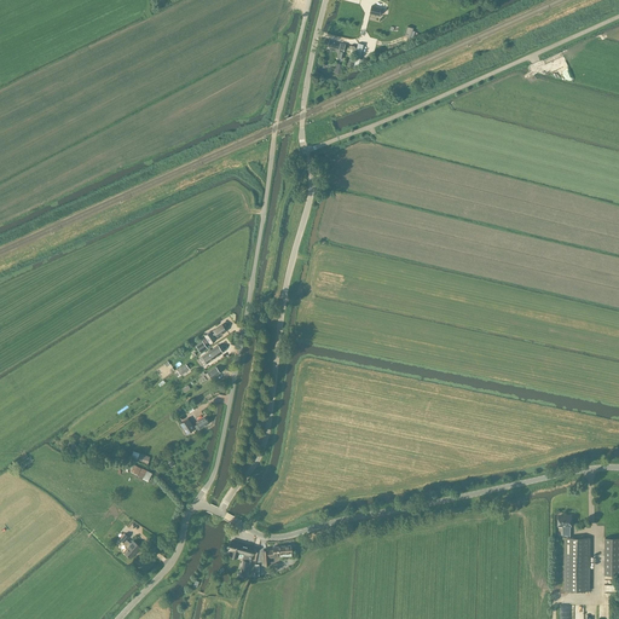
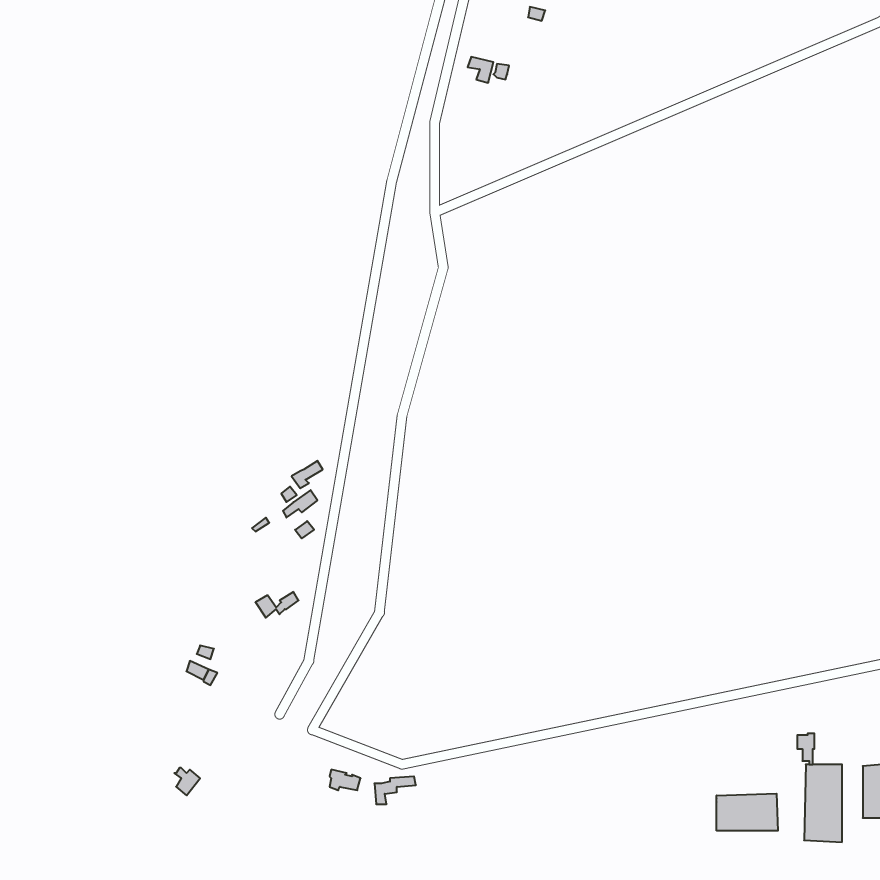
building: none -> [717,794,778,831]

